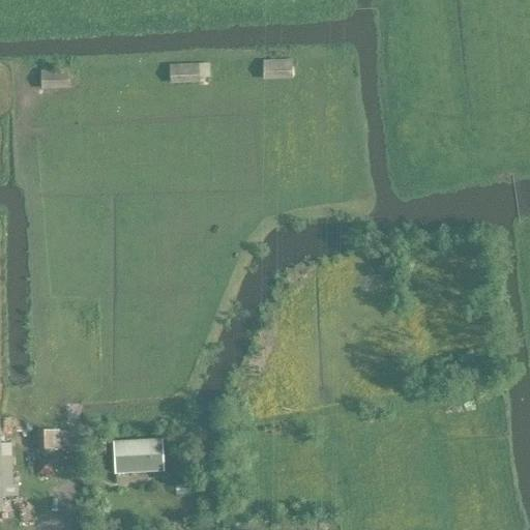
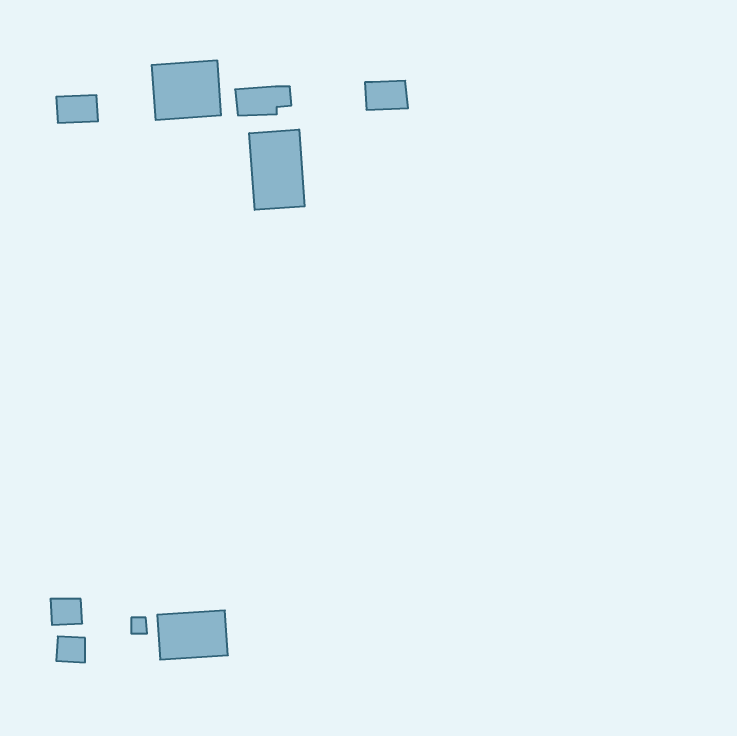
building: none -> [152,60,221,120]
building: none -> [249,129,305,210]

